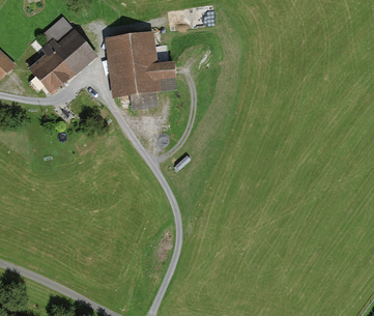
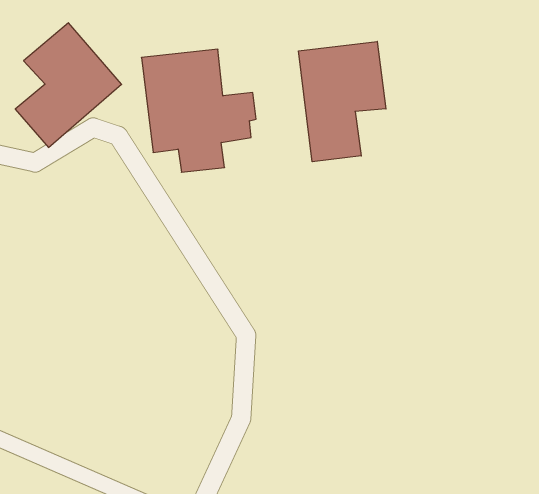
building: none -> [299,41,386,162]

